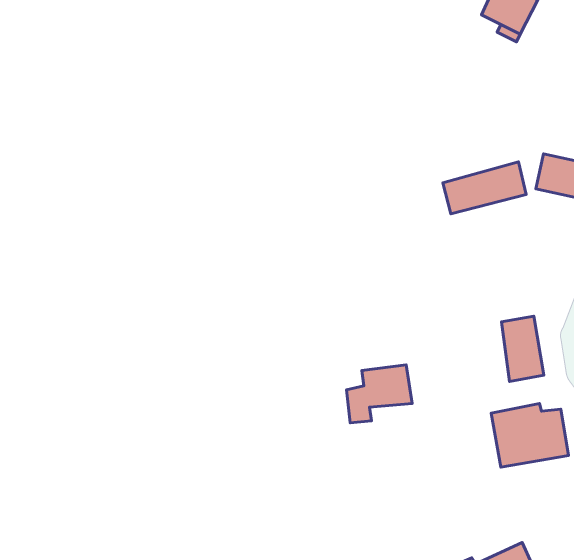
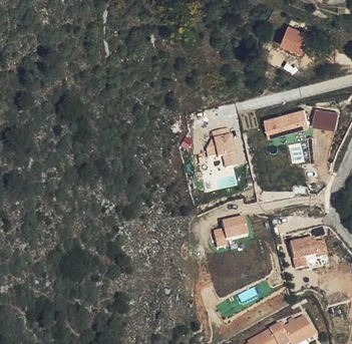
building: none -> [204,129,236,169]
building: [501,316,544,381] -> none

